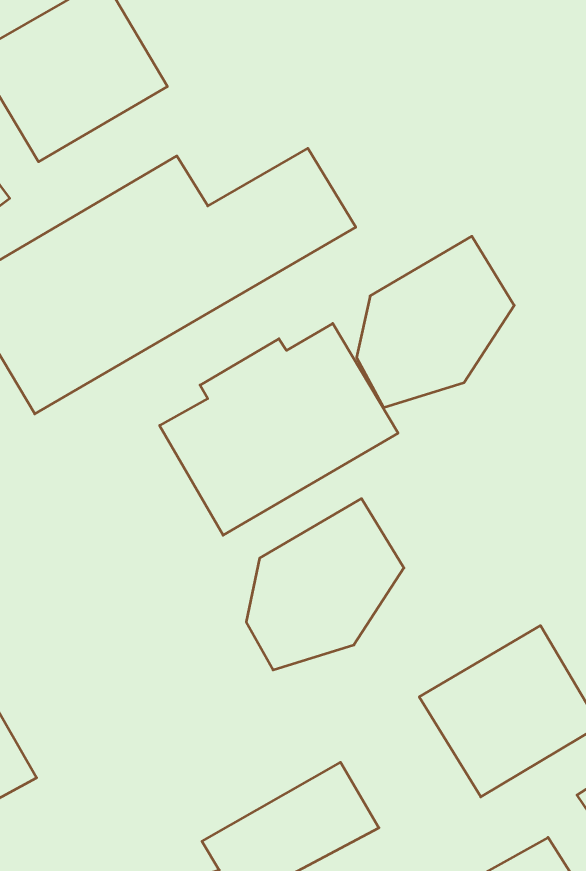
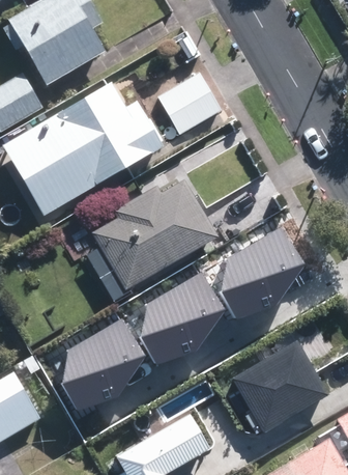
building: [357,236,514,408] -> [223,223,308,315]
building: none -> [63,316,148,409]

